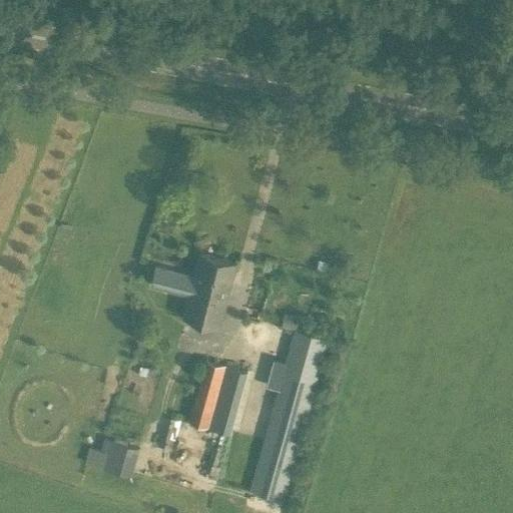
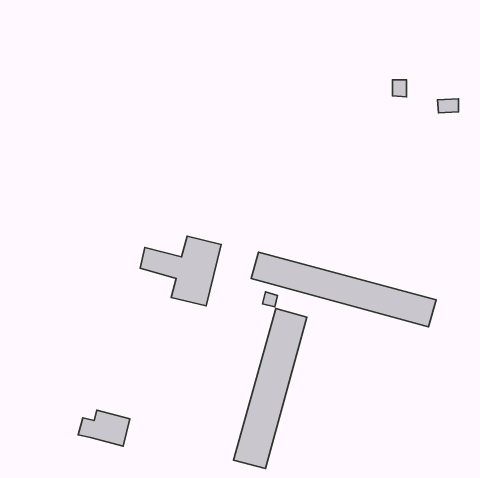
building: none -> [251,252,436,327]
building: [187,361,245,436] -> none

